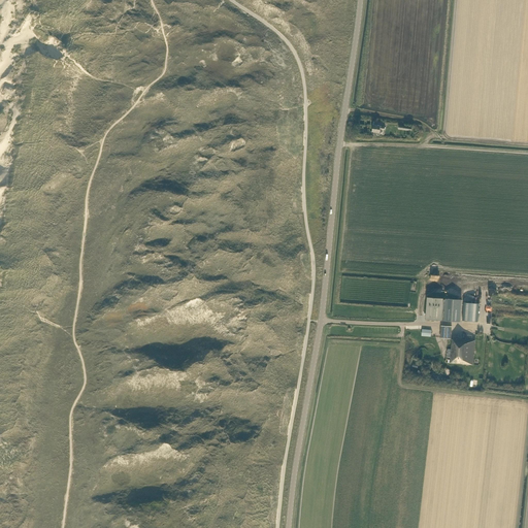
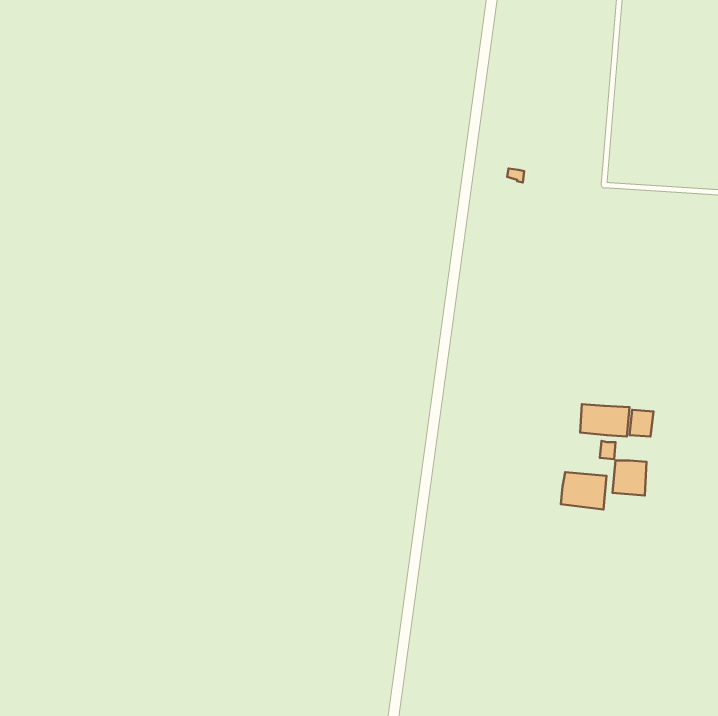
building: none -> [561,472,607,509]

